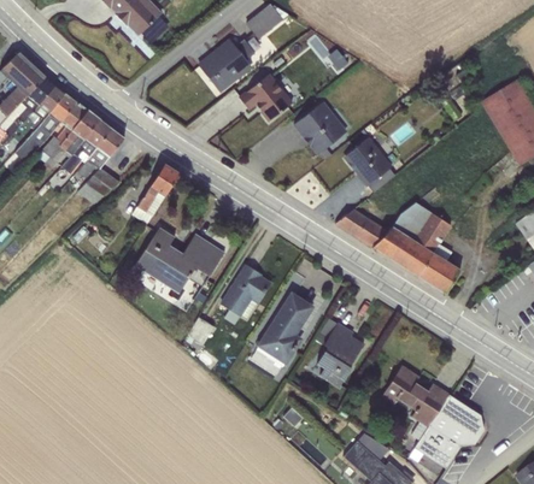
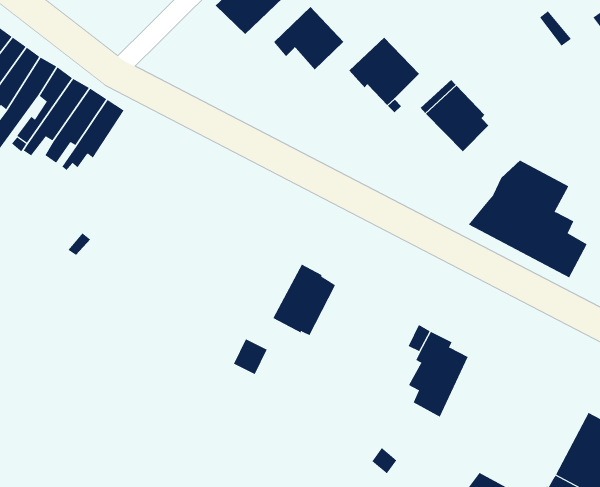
building: [133,163,180,223] -> none
building: [77,166,119,202] -> none
building: [335,207,388,246] -> none
building: [135,226,225,291] -> none
building: [256,294,312,366] -> none
building: [382,365,450,439] -> none

